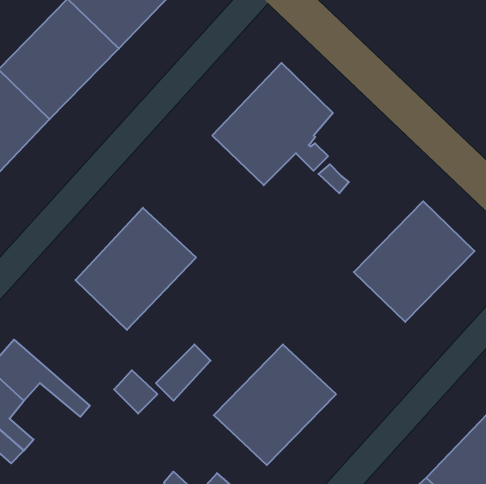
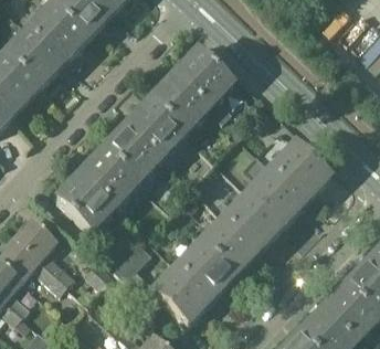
building: none -> [104,96,187,180]
building: none -> [200,190,284,274]
building: none -> [15,216,75,282]

